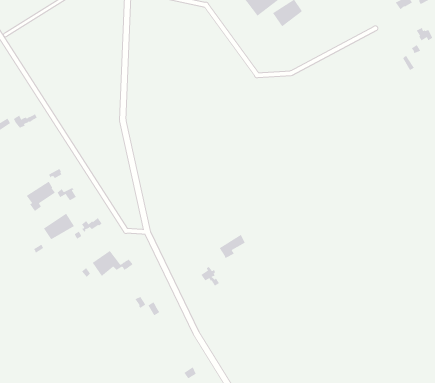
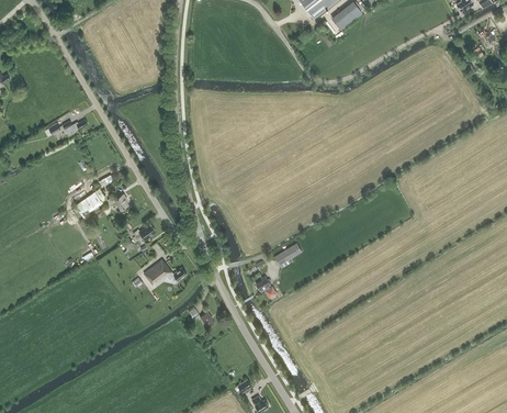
building: [43,213,75,240] -> none

